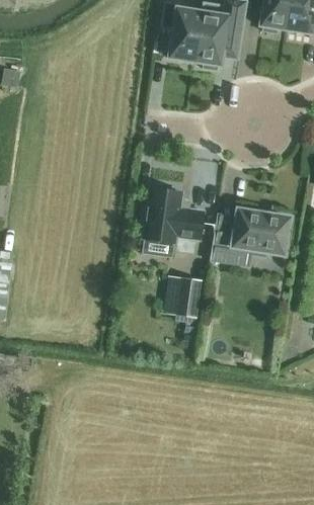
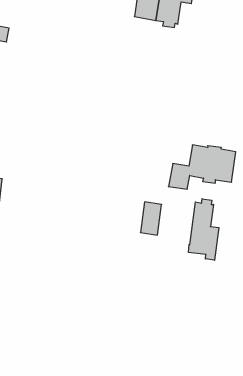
building: [141,187,204,243] -> none
building: none -> [189,199,219,260]

